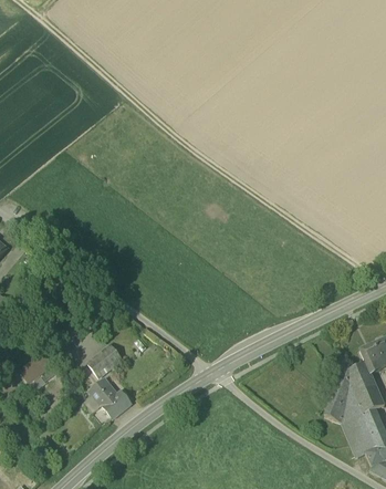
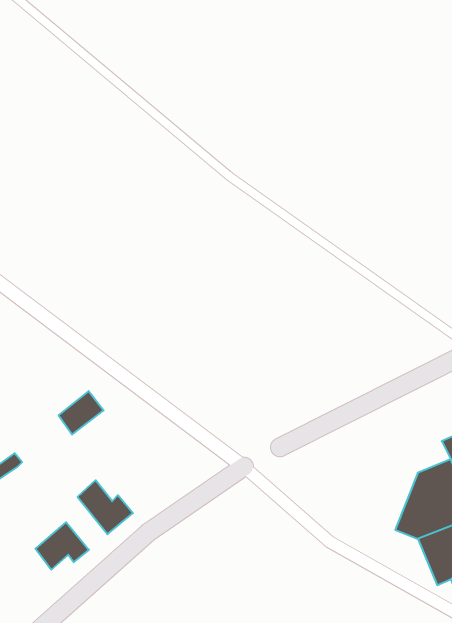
building: [88,344,122,376] -> [59,391,104,435]
building: none -> [35,522,89,570]

